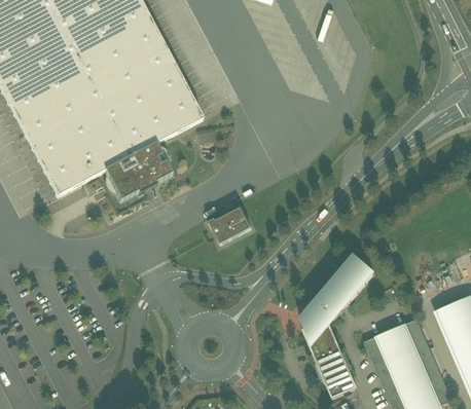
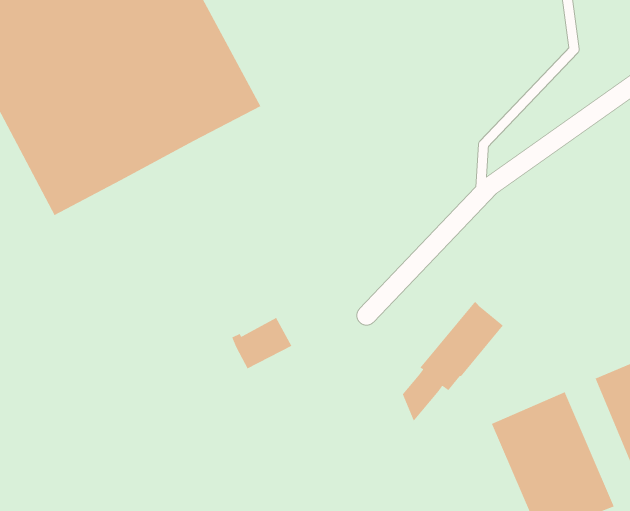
building: [104,142,172,199] -> none
building: [209,206,252,243] -> [231,317,293,369]
building: [302,318,357,397] -> none

